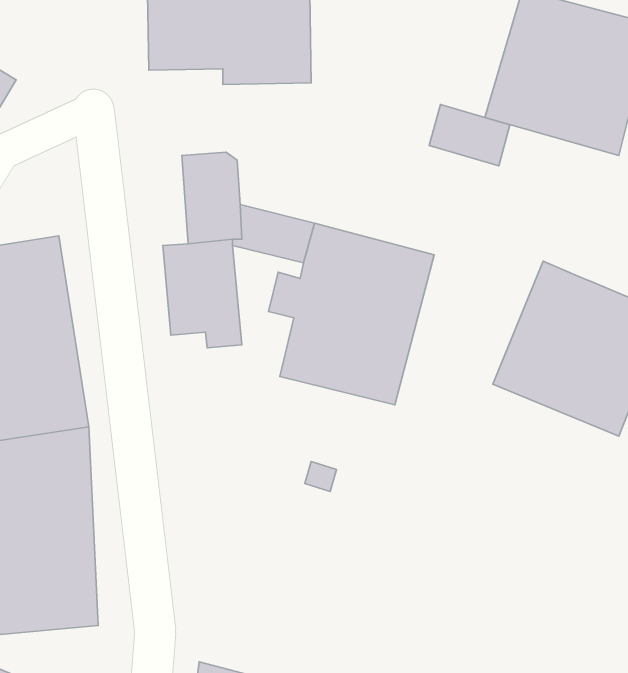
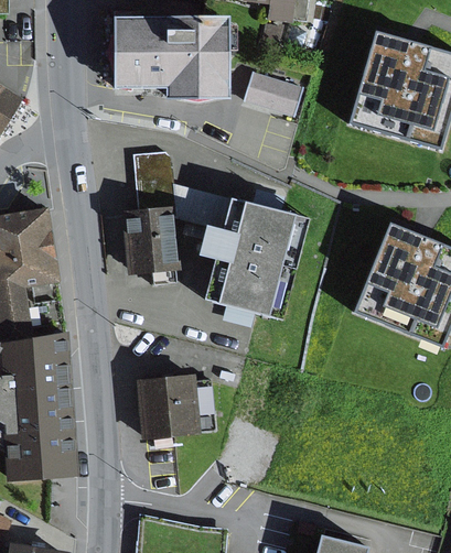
building: [429,104,510,166] -> [244,67,300,110]
building: none -> [137,373,216,438]

